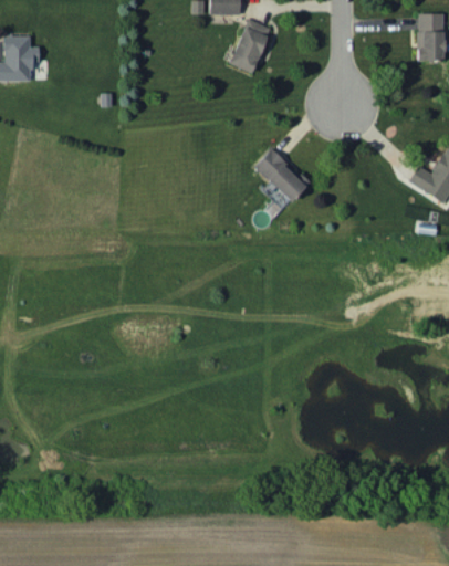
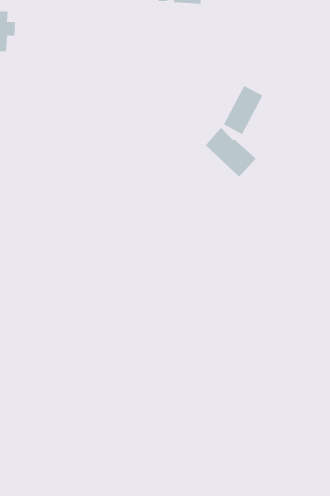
building: [229,19,271,73] -> [223,85,263,135]

